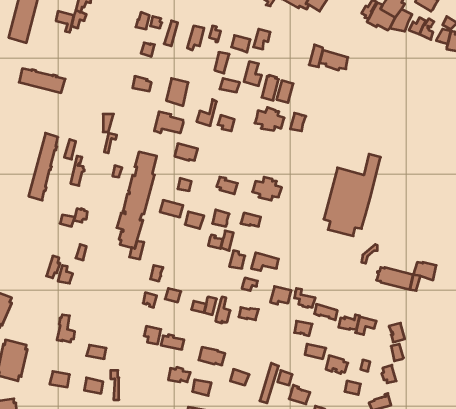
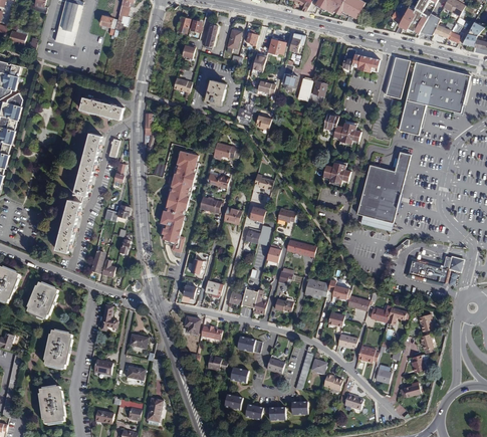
building: none -> [386,56,410,98]
building: none -> [399,61,471,135]
building: [19,69,65,93] -> [80,96,125,120]
building: [255,107,284,130] -> [333,121,361,143]
building: [154,112,183,133] -> none
building: [252,177,282,200] -> [323,161,351,183]
building: none -> [56,199,81,252]

